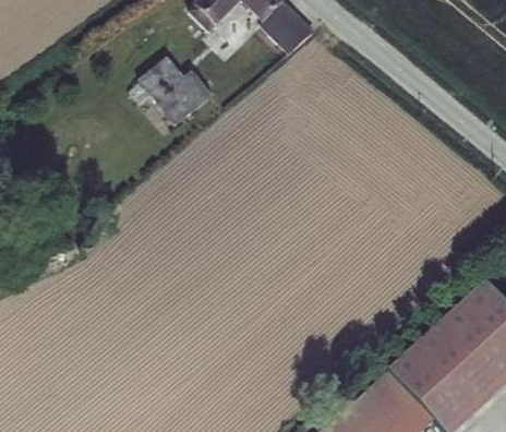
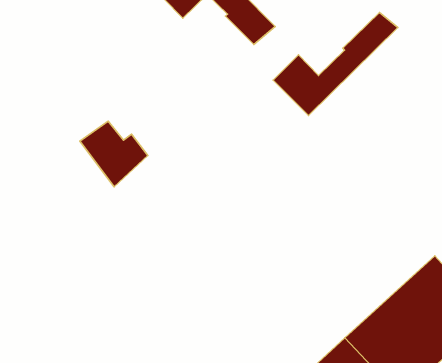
building: none -> [273,13,398,115]
building: [136,56,209,127] -> [80,121,148,187]

